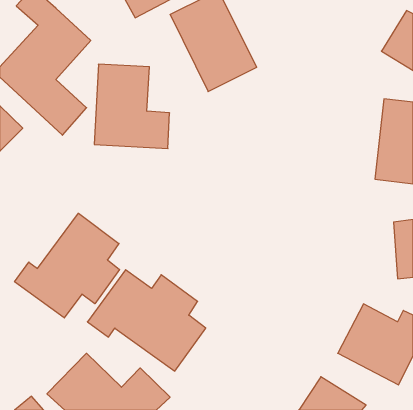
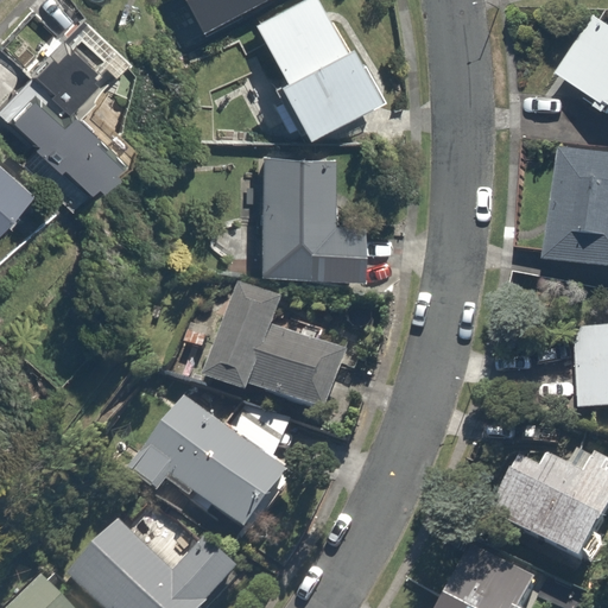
building: [94,64,170,149] -> [255,153,366,277]
building: none -> [203,283,354,425]
building: [15,213,120,318] -> none

